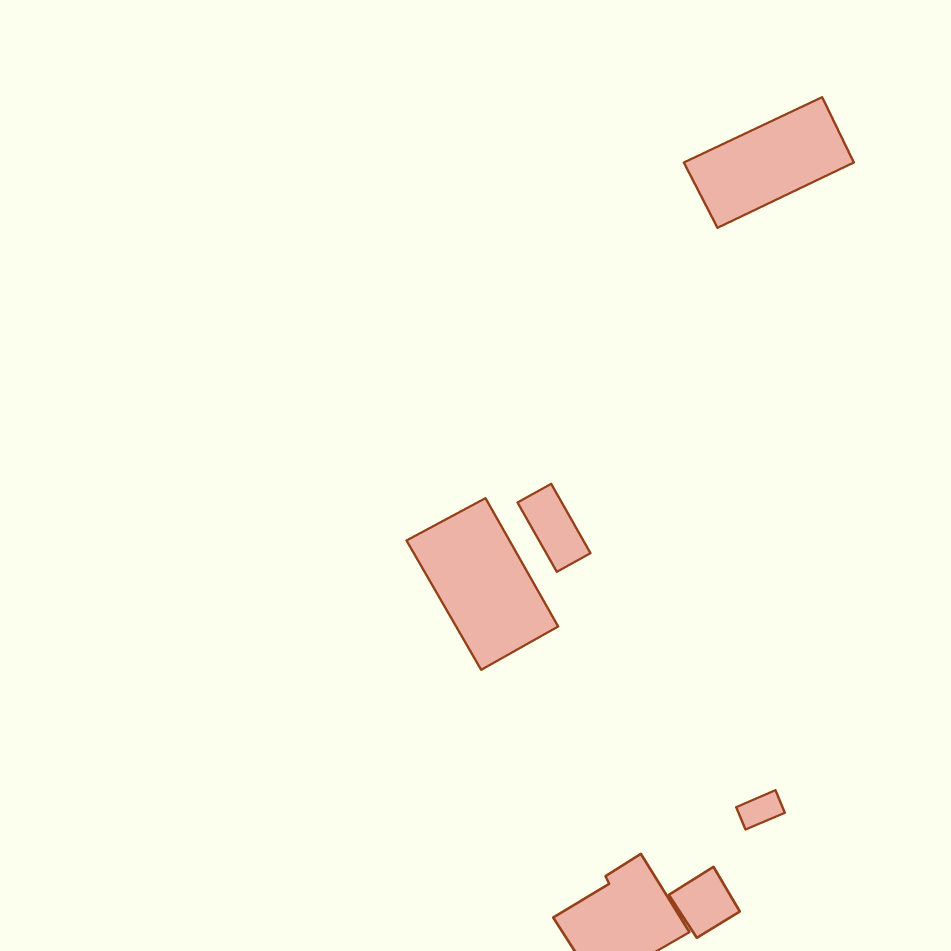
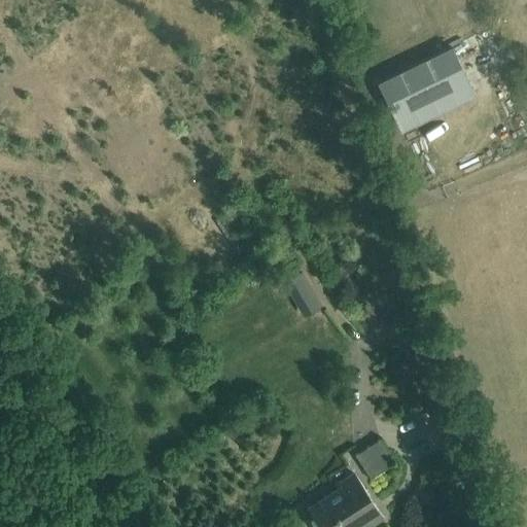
building: [407,498,558,670] -> none
building: [669,867,740,938] -> [354,437,393,477]

